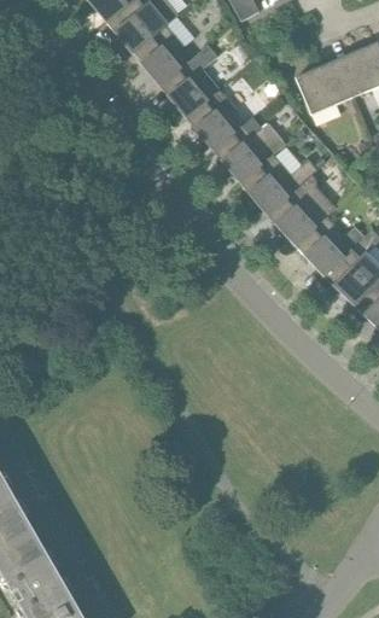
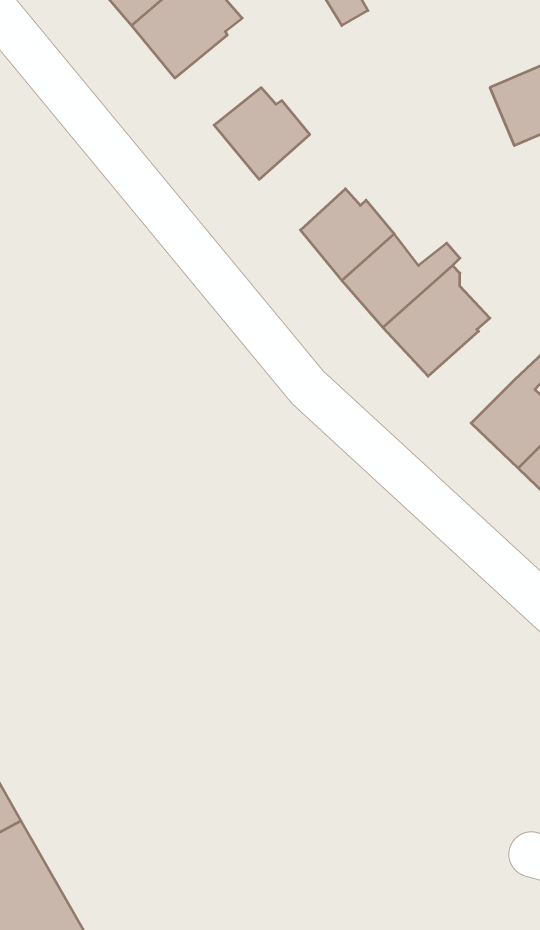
building: [133,25,188,83] -> none
building: [295,59,351,113] -> none
building: [187,89,243,151] -> none
building: [296,216,351,275] -> none

